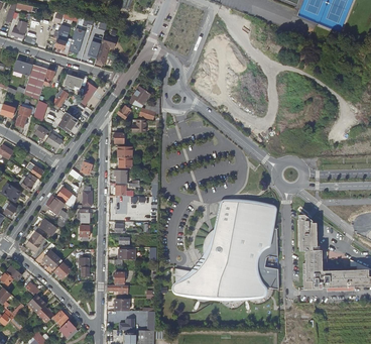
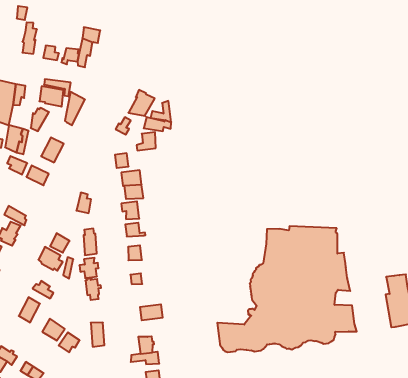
building: [297,215,316,250] -> none

